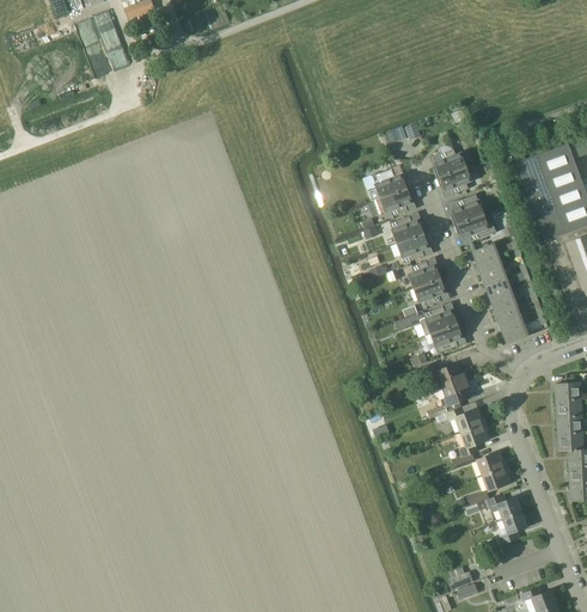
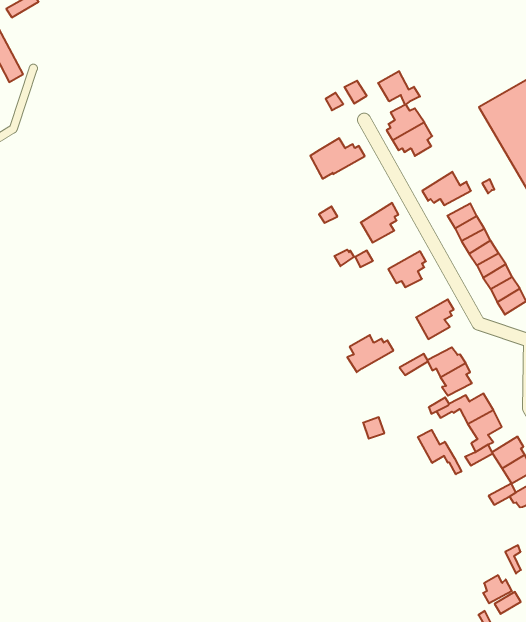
building: none -> [378,71,420,105]
building: [374,188,414,216] -> none
building: [451,195,483,226] -> none
building: [390,216,427,244] -> none
building: [409,261,444,288] -> none
building: [420,306,460,336] -> [347,335,393,372]
building: none -> [418,430,461,474]

